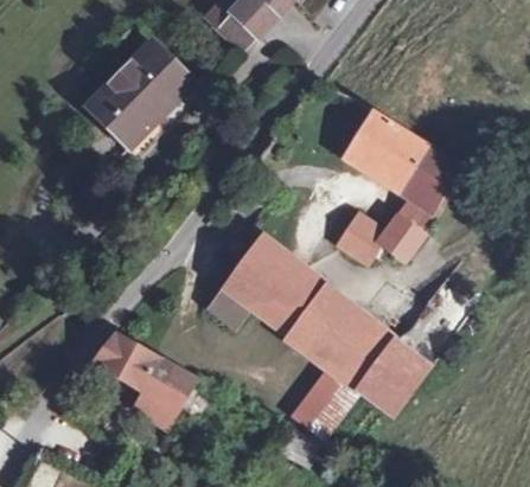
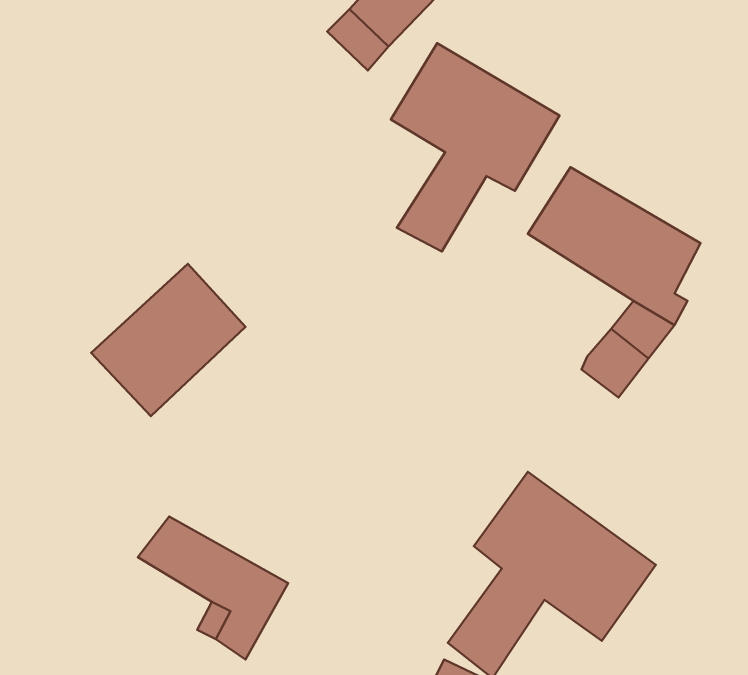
building: none -> [391,43,559,252]
building: [88,43,186,140] -> [91,264,245,416]
building: [338,214,382,261] -> none
building: [207,241,344,353] -> none

